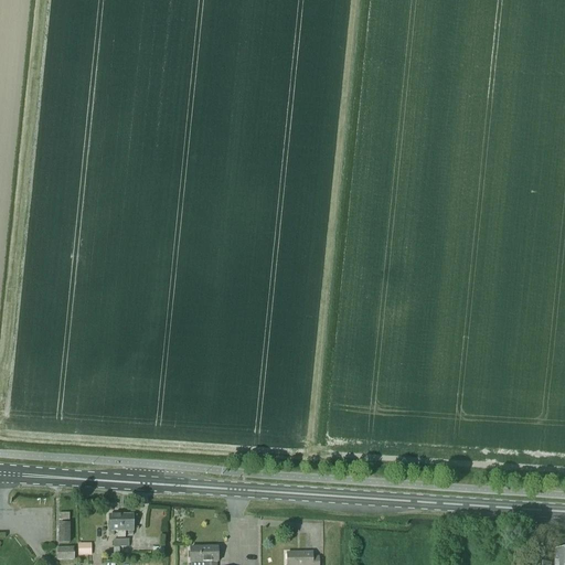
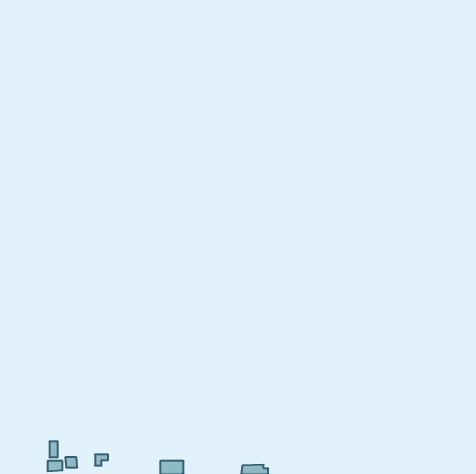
building: [109,513,132,536] -> none

